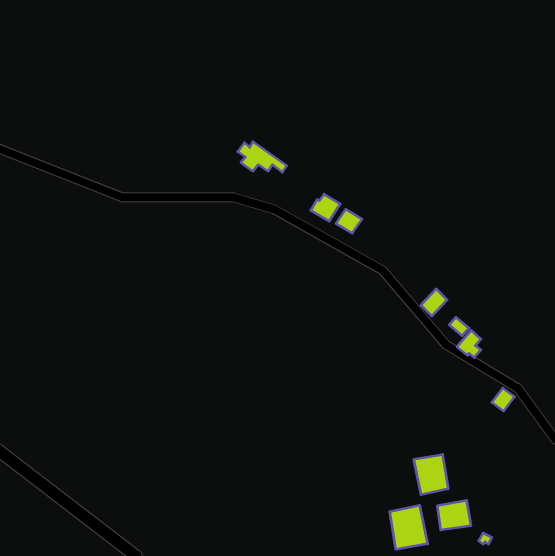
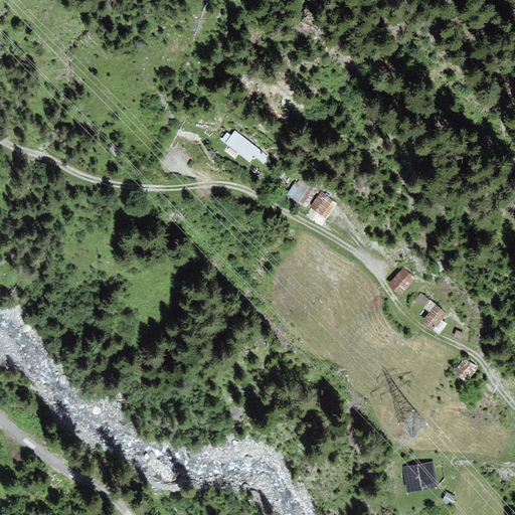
building: [414,454,448,495] -> none
building: [390,505,428,549] -> none

